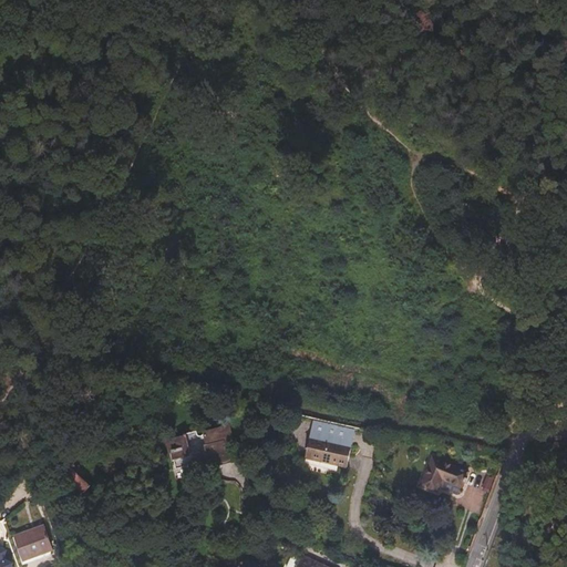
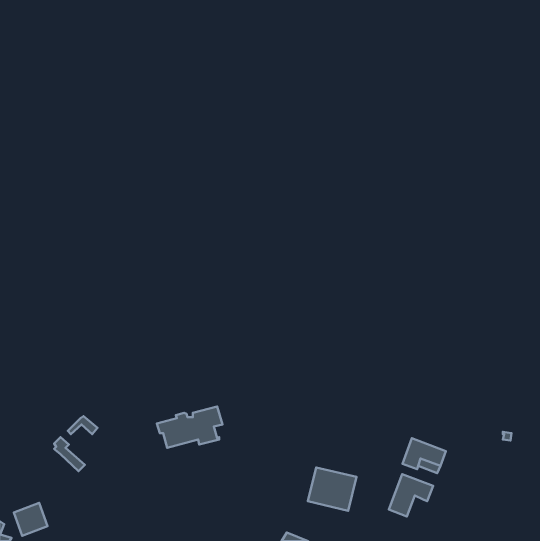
building: [301,421,352,466] -> [308,467,356,511]
building: none -> [389,474,433,516]

